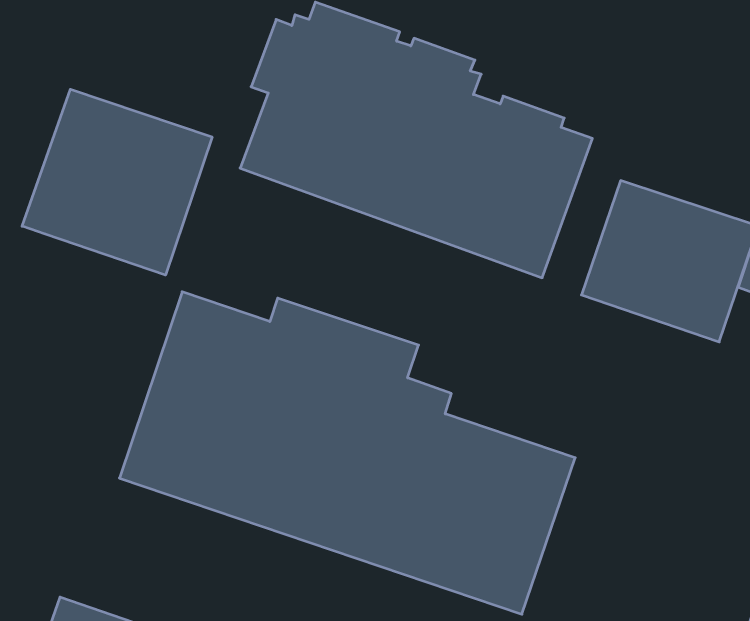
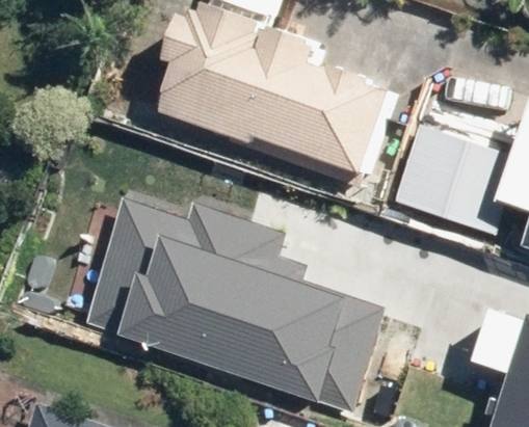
building: [22,89,212,275] -> none

